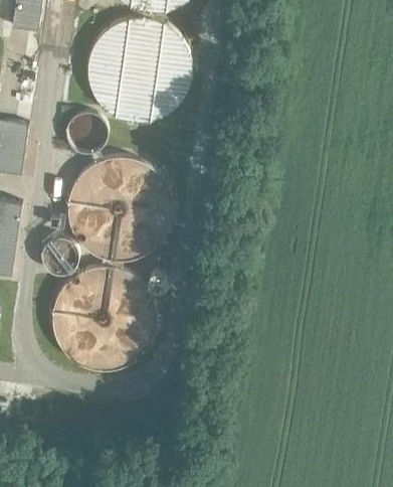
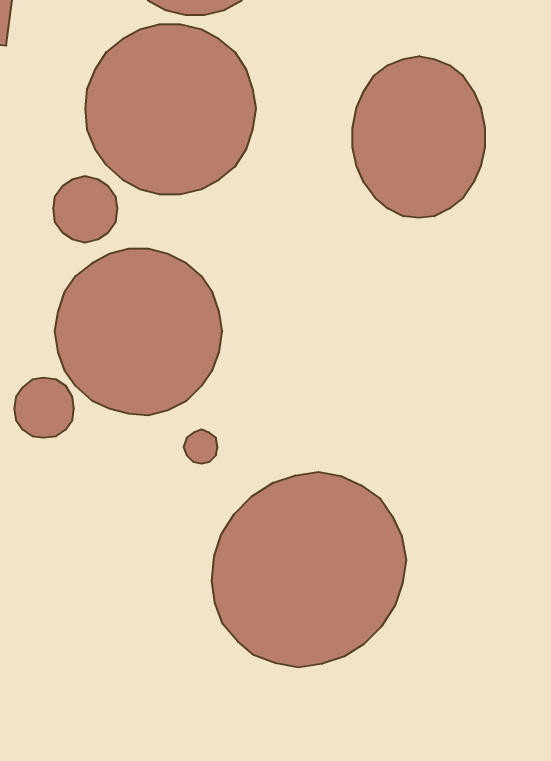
building: none -> [353,56,485,218]
building: [50,265,154,368] -> none
building: none -> [212,472,406,667]

